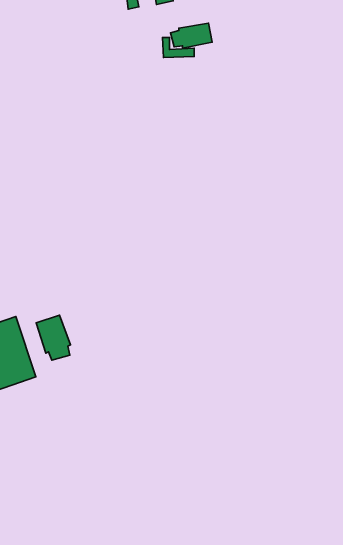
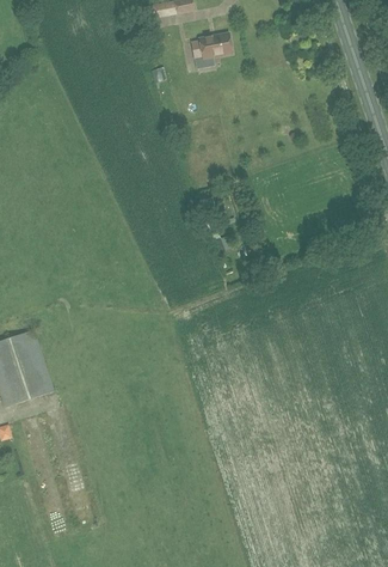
building: [36,315,71,360] -> none

